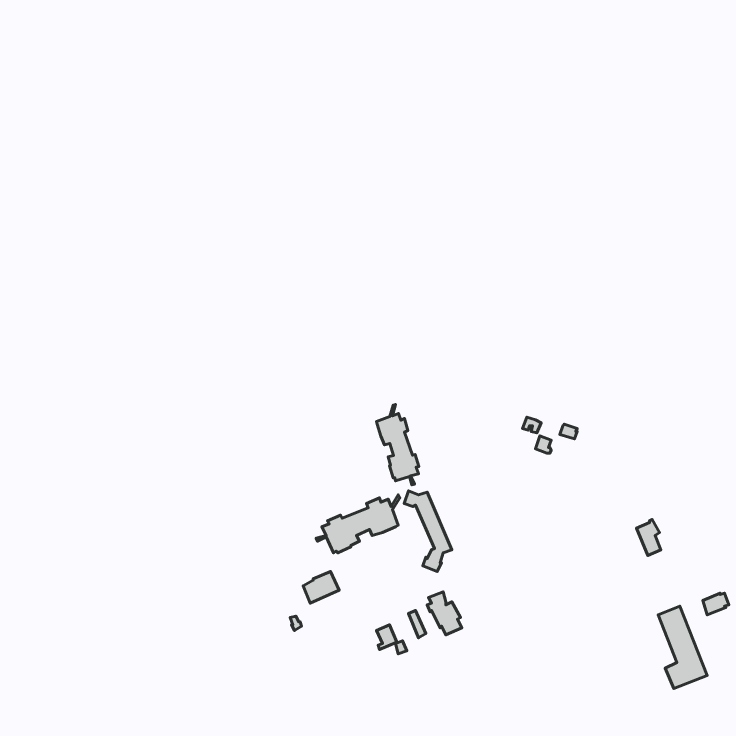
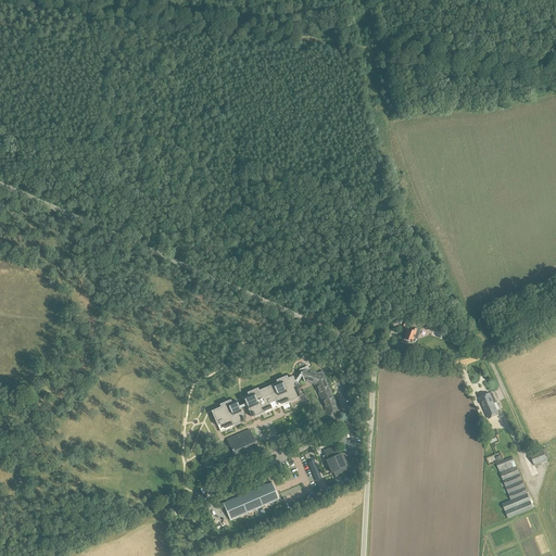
building: [376,404,419,485] -> none
building: none -> [211,400,243,428]
building: none -> [223,481,278,519]

